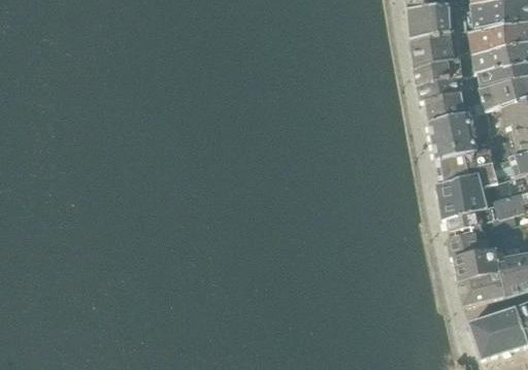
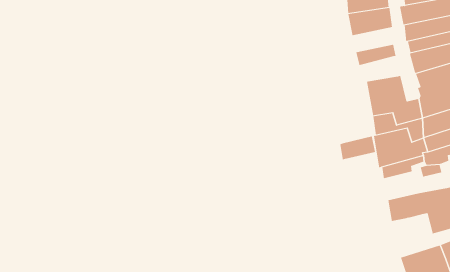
building: [412,57,463,86] -> none
building: [426,91,465,120] -> none
building: [447,230,489,258] -> [339,136,376,160]
building: [457,272,505,307] -> none

